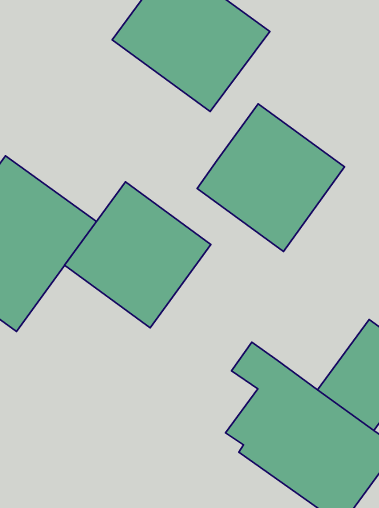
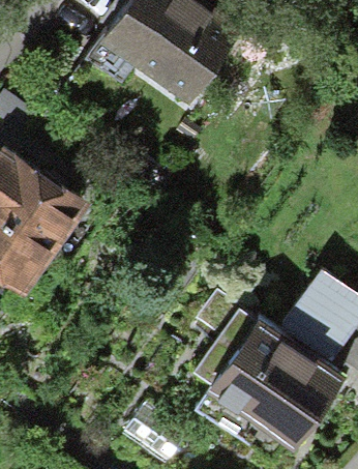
building: [197,104,344,252] -> none
building: [65,182,211,328] -> none

